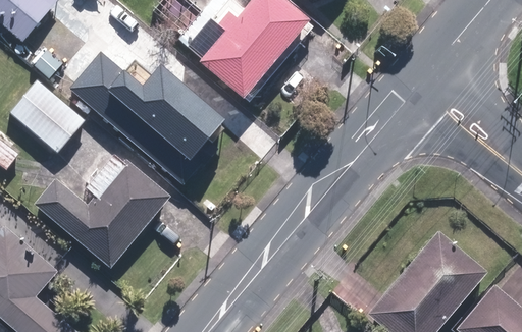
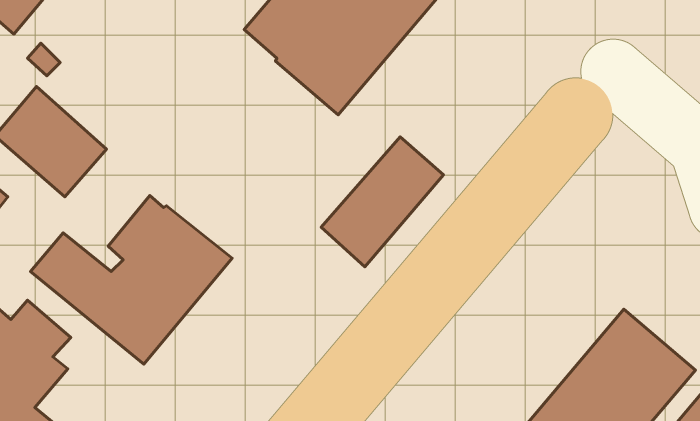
building: [71,53,233,185] -> none
building: none -> [321,137,444,267]

